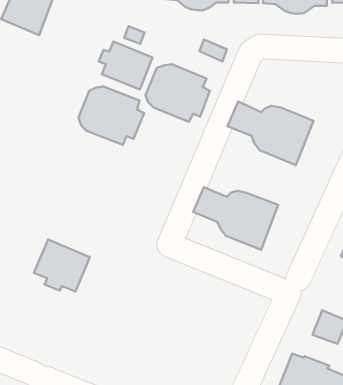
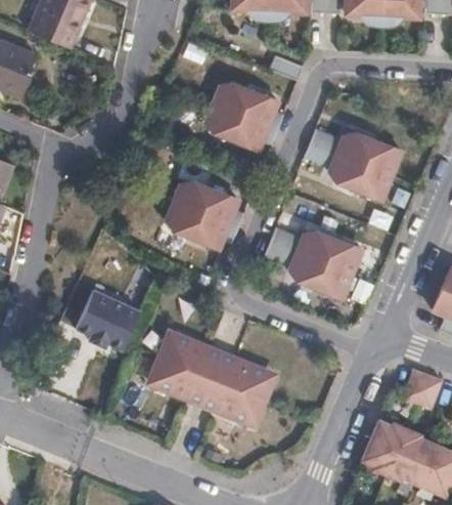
building: [99,42,153,89] -> none
building: [79,87,144,145] -> [166,183,241,251]
building: none -> [146,325,277,430]

